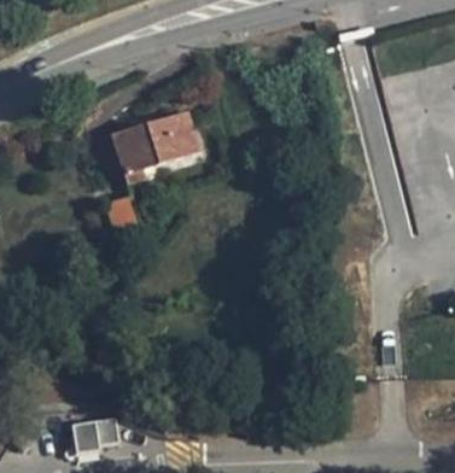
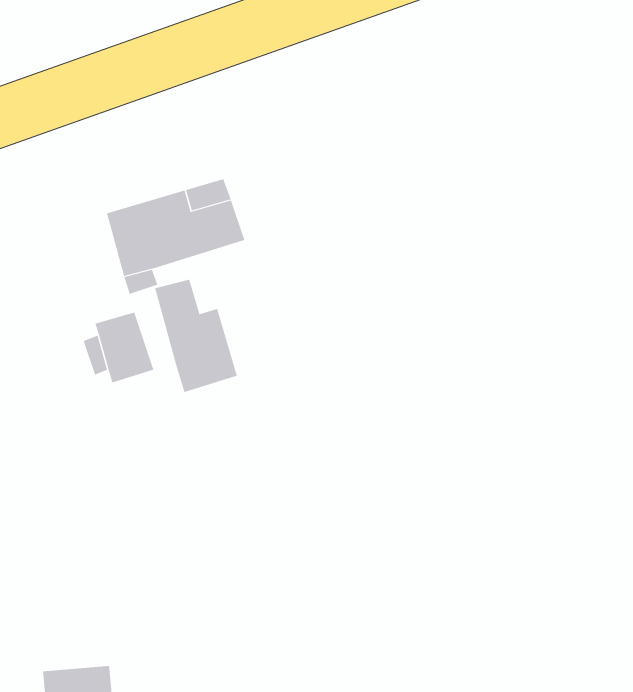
building: none -> [154,279,237,393]

